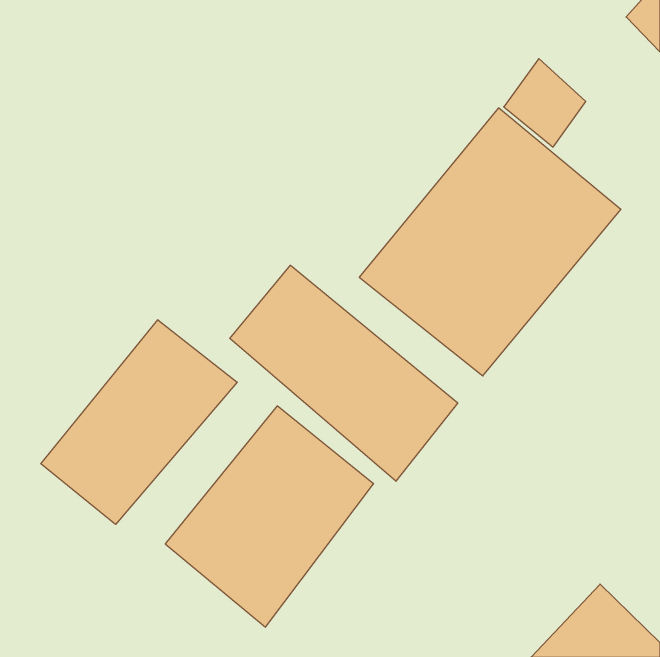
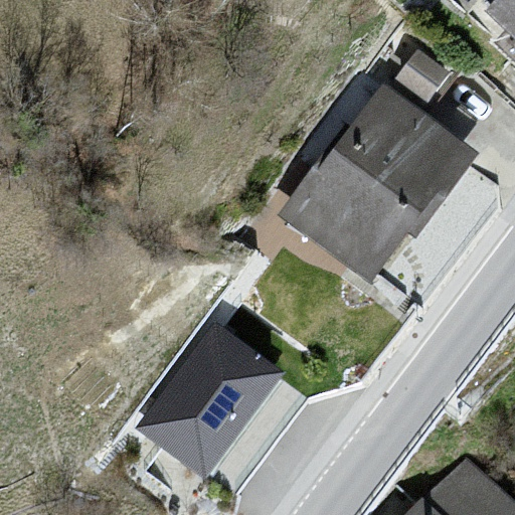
building: [230,265,458,481] -> none
building: [41,320,237,524] -> none

